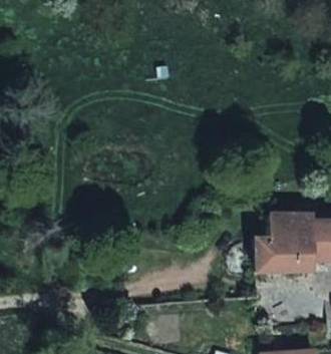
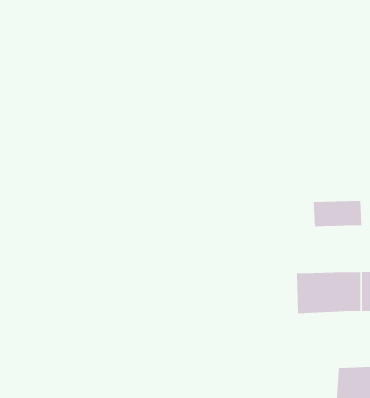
building: [271,212,312,234] -> [313,200,362,227]

